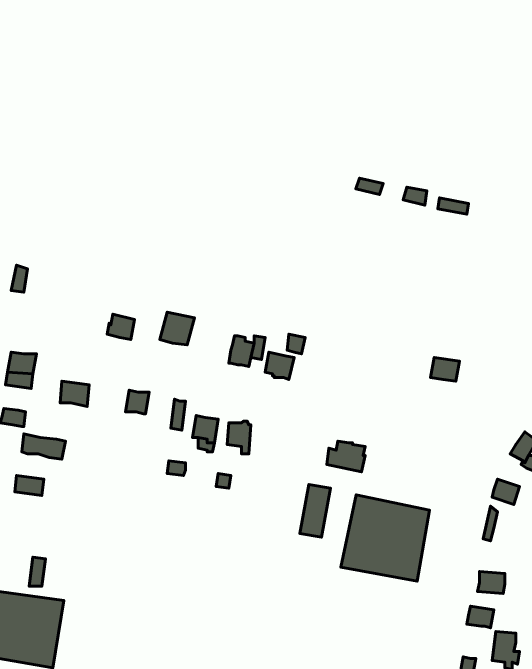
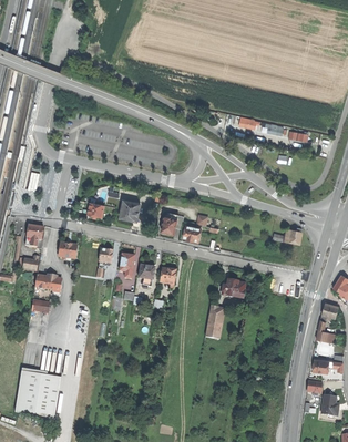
building: [341,495,430,581] -> none

